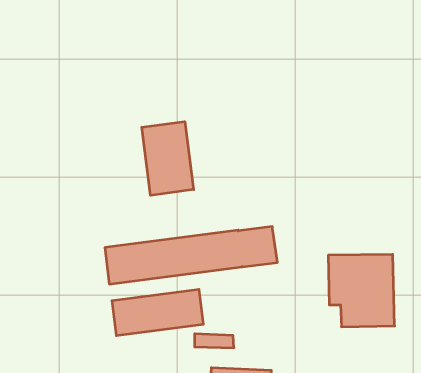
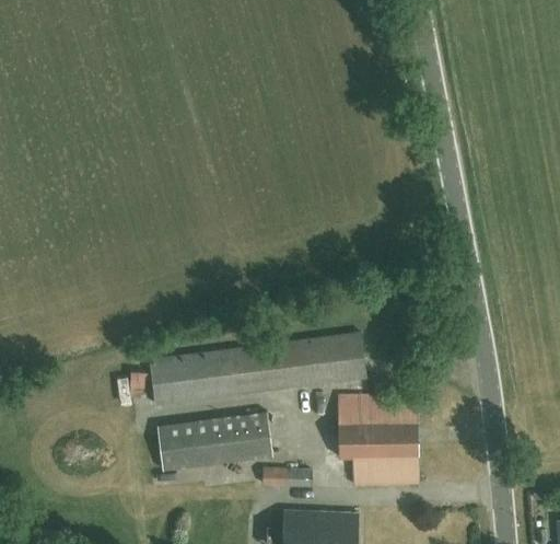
building: [142,122,194,195] -> none
building: [328,254,395,327] -> [336,394,419,485]

